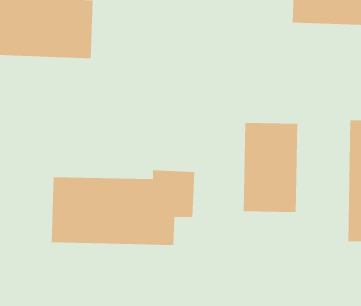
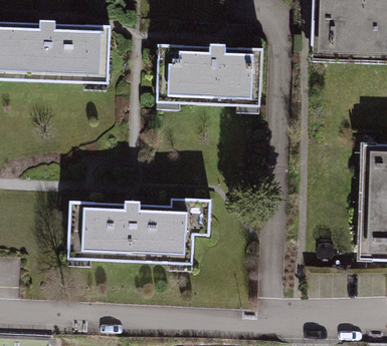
building: none -> [156,45,259,114]
building: [243,122,298,213] -> none

